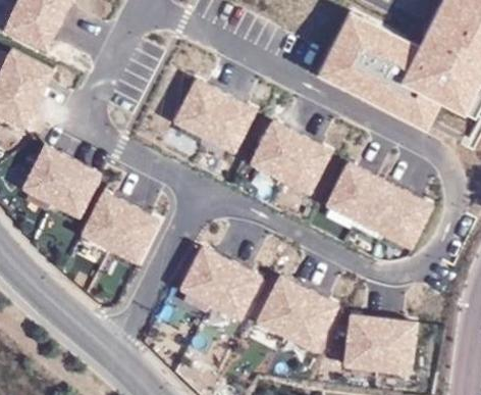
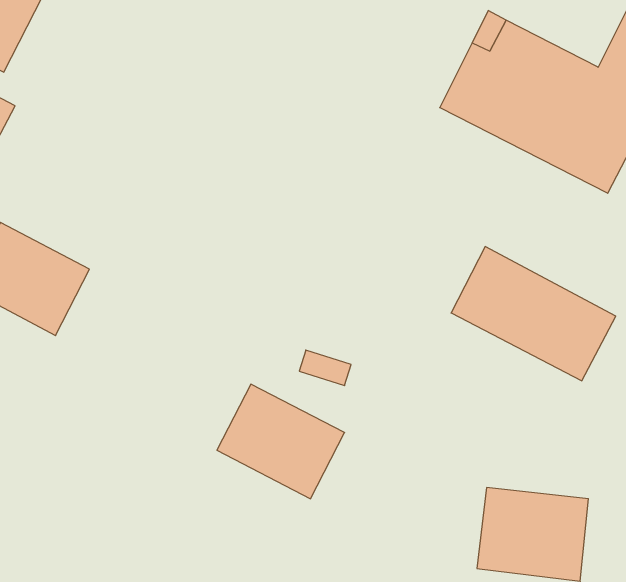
building: [173,80,254,152] -> none
building: [250,122,330,195] -> none
building: [82,193,159,263] -> none
building: [258,277,336,348] -> none

